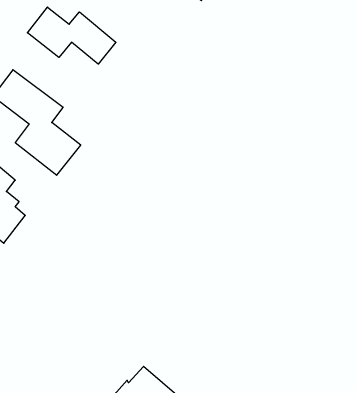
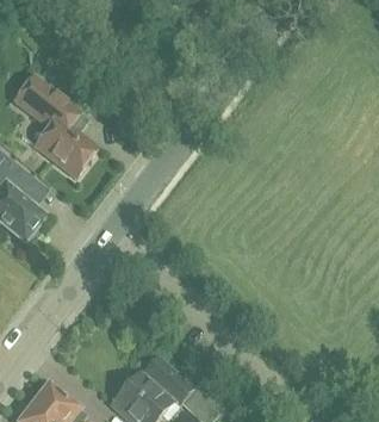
building: [27,7,116,64] -> none

